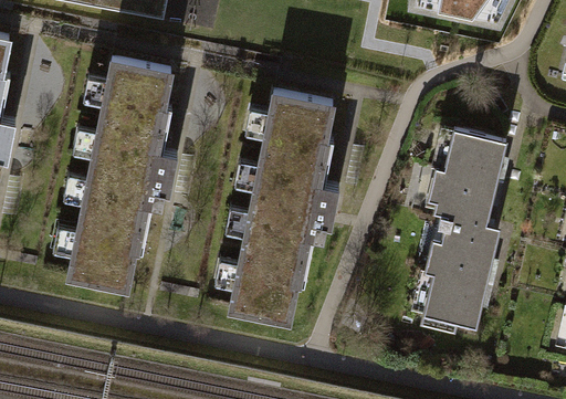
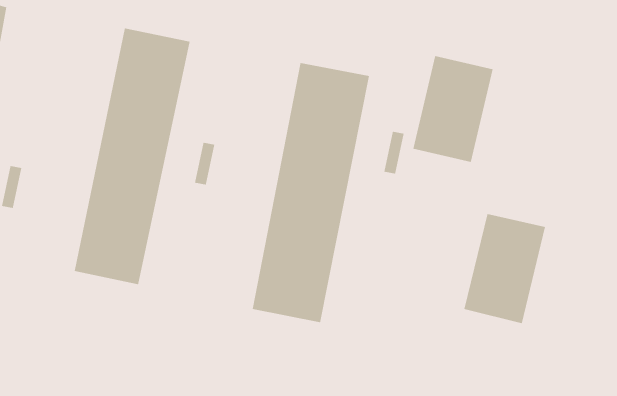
building: [430,123,503,219] -> [412,56,494,162]

